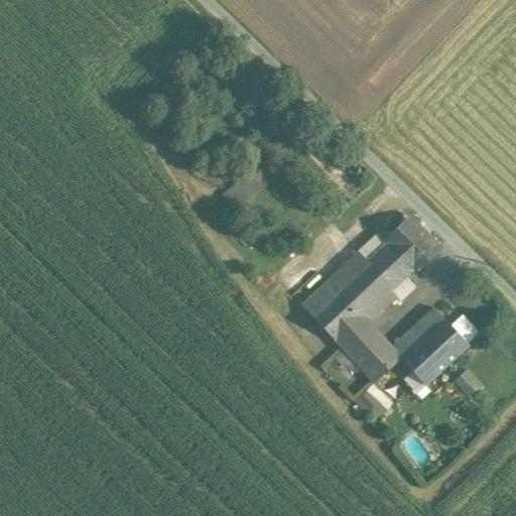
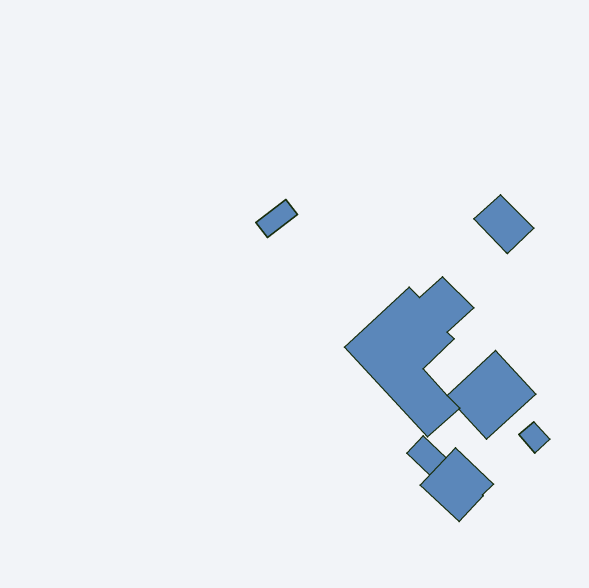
building: [386,219,438,270] -> [474,195,534,254]
building: none -> [420,448,493,521]

